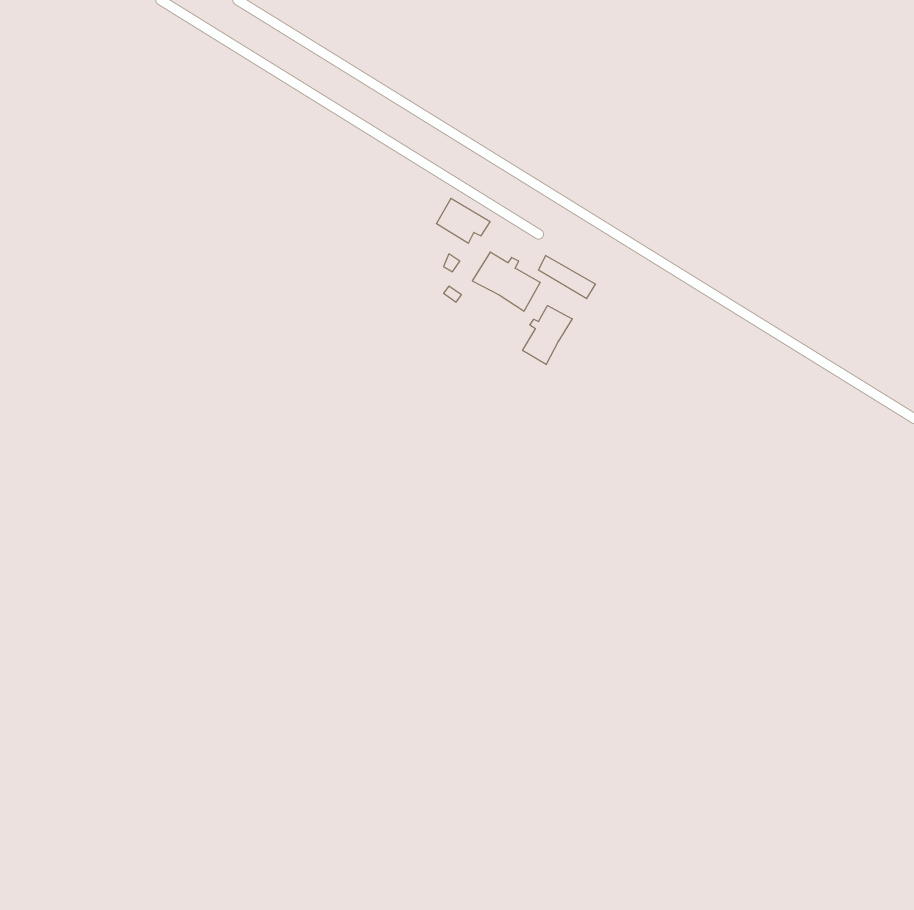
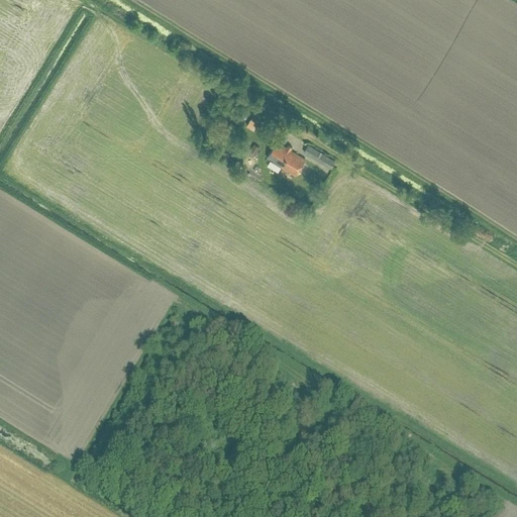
building: [523,306,572,365] -> none

